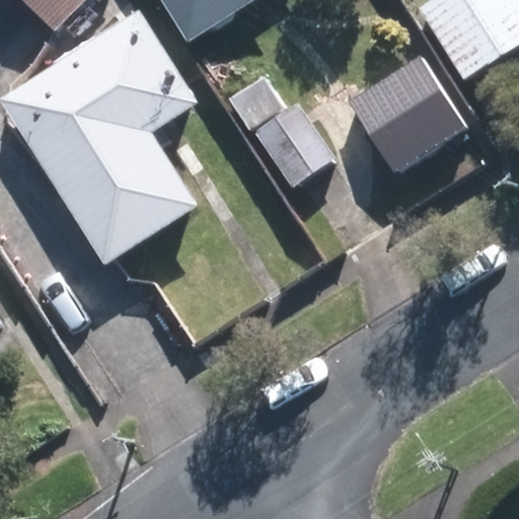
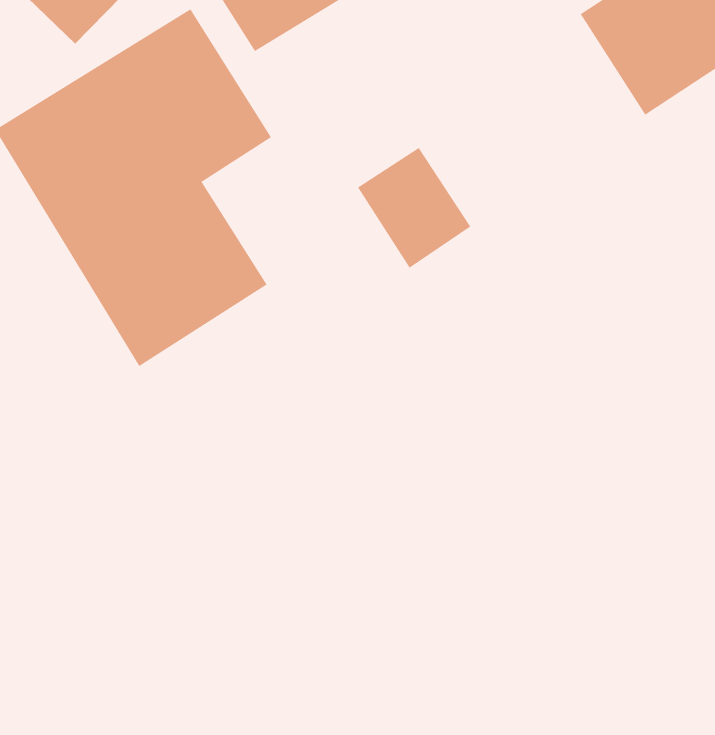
building: [342,57,454,169] -> none

